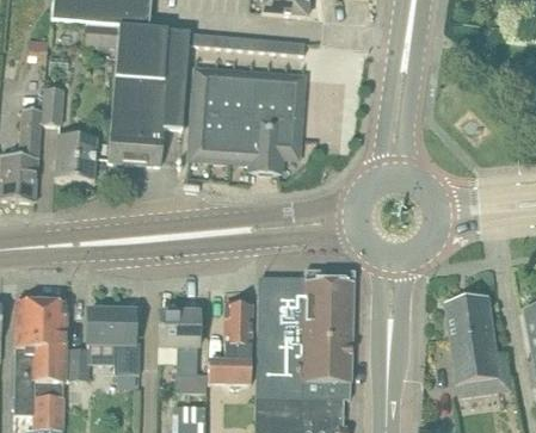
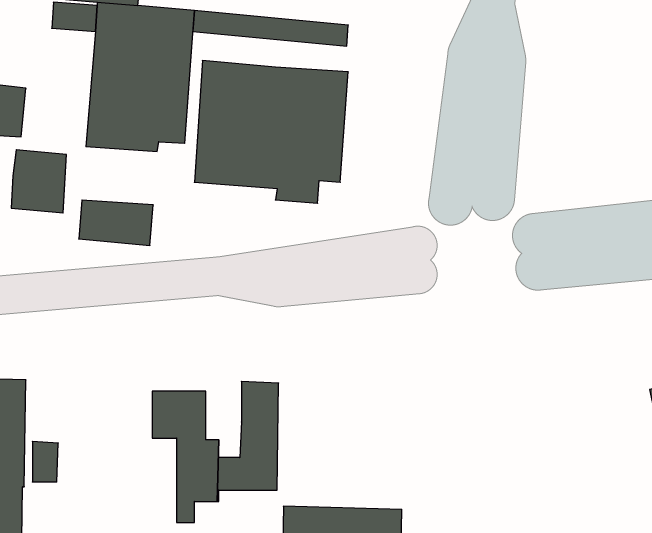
building: [107,131,162,165] -> [79,200,153,245]
building: [255,270,353,398] -> none
building: [446,297,511,383] -> none
building: [88,310,140,373] -> none

